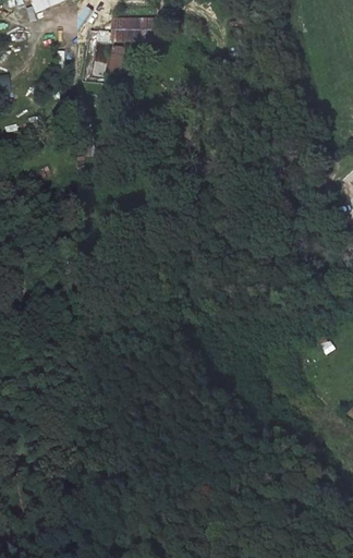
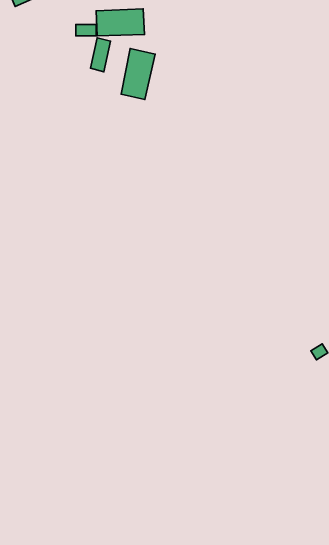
building: none -> [121,49,155,99]

